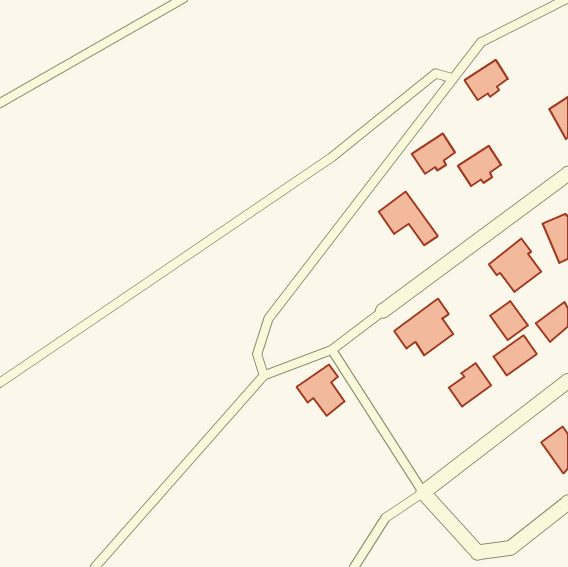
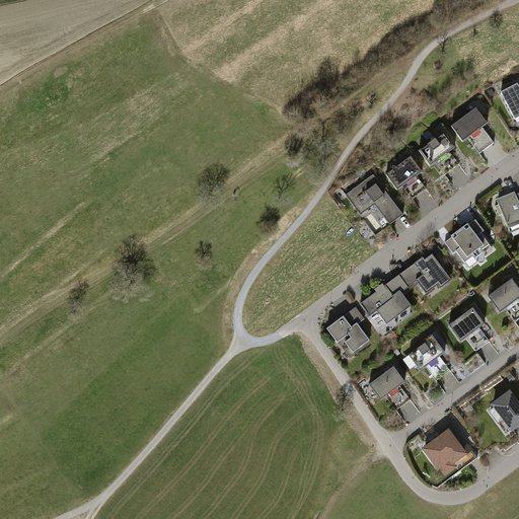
building: [465,60,508,100] -> [452,109,492,146]
building: [412,134,455,174] -> [380,157,420,194]
building: [490,301,528,340] -> [414,250,448,286]
building: [297,365,345,416] -> [327,306,371,353]
building: none -> [368,364,407,400]
building: none -> [425,423,469,469]

